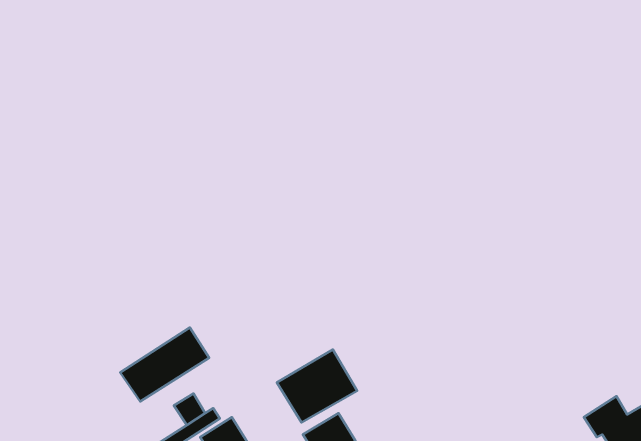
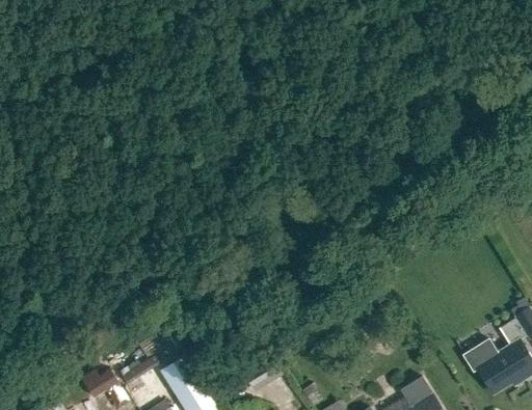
building: [120,328,209,402] -> none
building: [277,349,357,423] -> none

